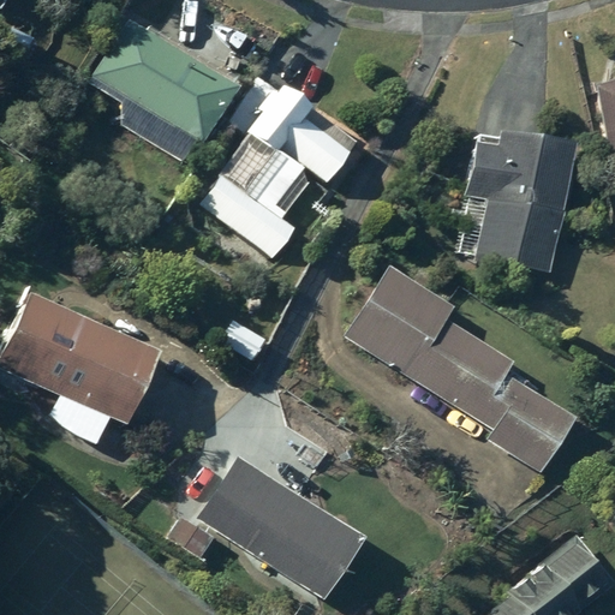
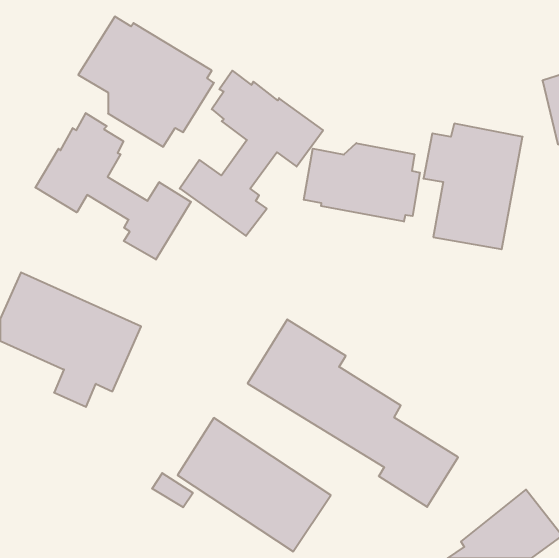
building: none -> [35,113,191,260]
building: none -> [304,143,420,222]
building: [346,268,575,472] -> [248,319,458,507]

